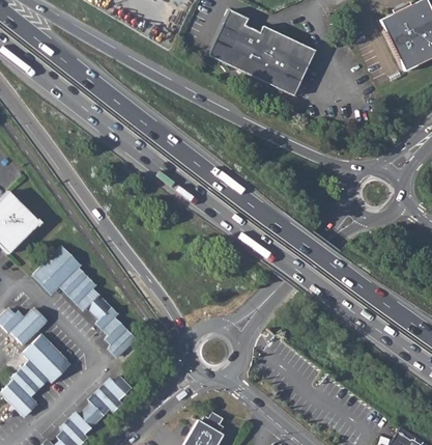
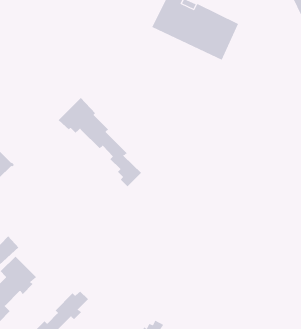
building: [34,246,137,356] -> [58,97,142,187]

